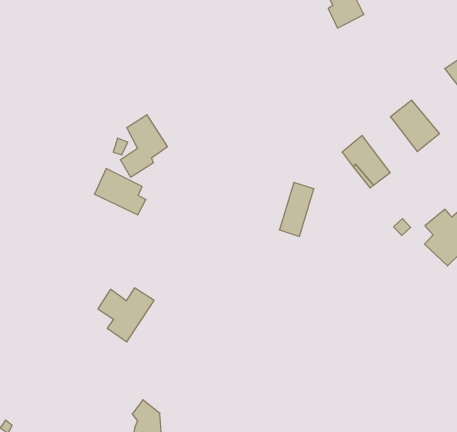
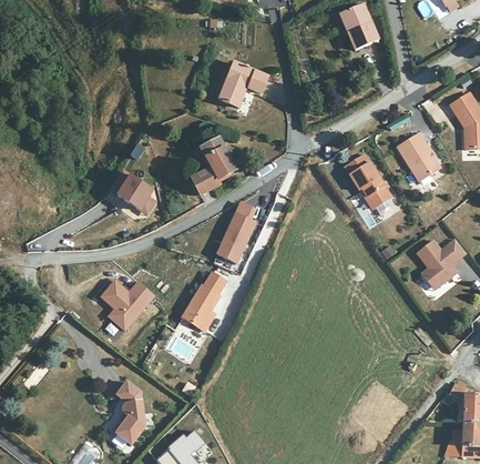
building: none -> [221,69,267,114]
building: [120,115,167,177] -> [186,145,231,201]
building: [279,182,314,236] -> [221,211,256,261]
building: none -> [178,273,216,330]

